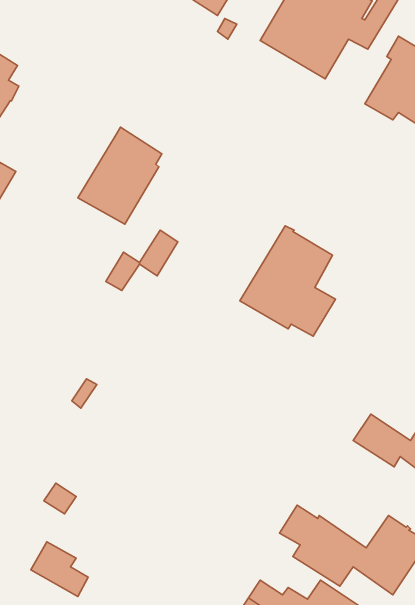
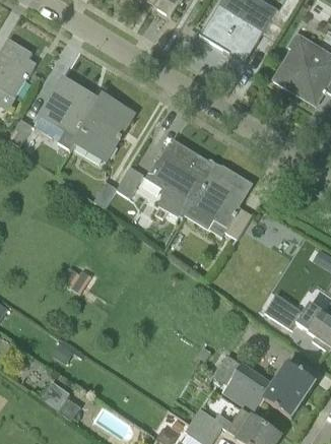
building: none -> [41,77,101,152]
building: none -> [146,140,217,214]

